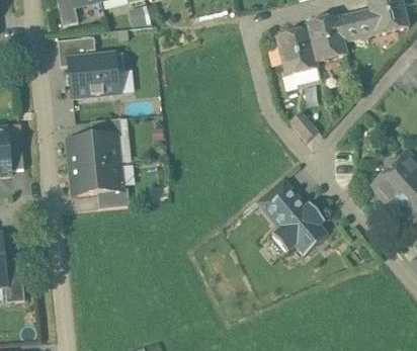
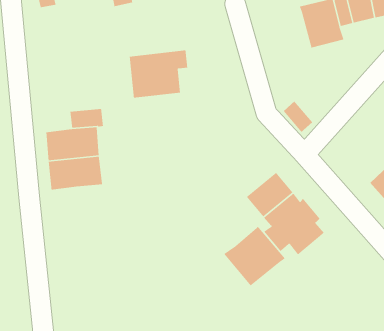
building: [275,28,318,76] -> none
building: [69,52,124,97] -> [129,50,188,98]
building: [97,187,130,207] -> none
building: none -> [223,225,286,286]

